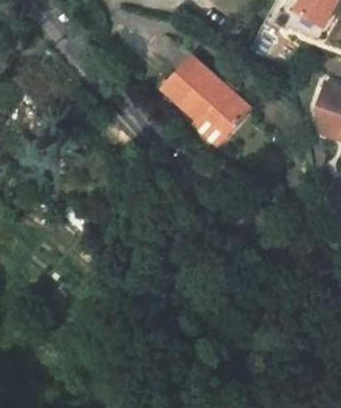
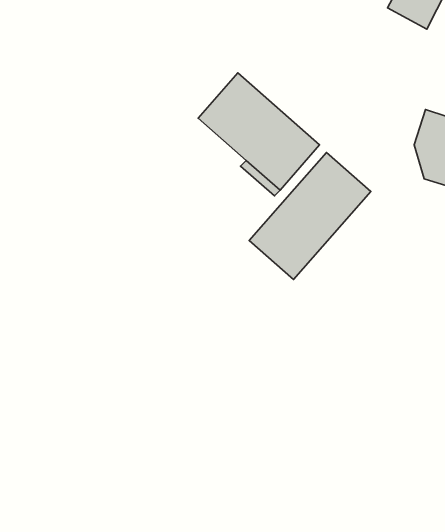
building: none -> [249,152,371,280]

